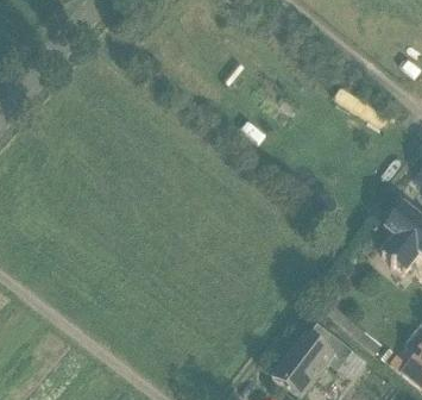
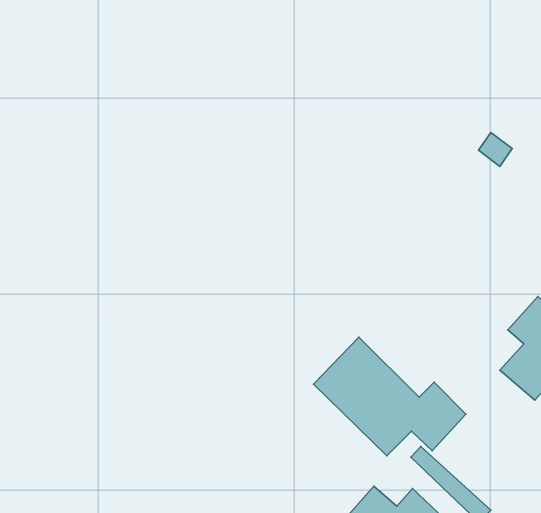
building: none -> [314,337,466,456]

